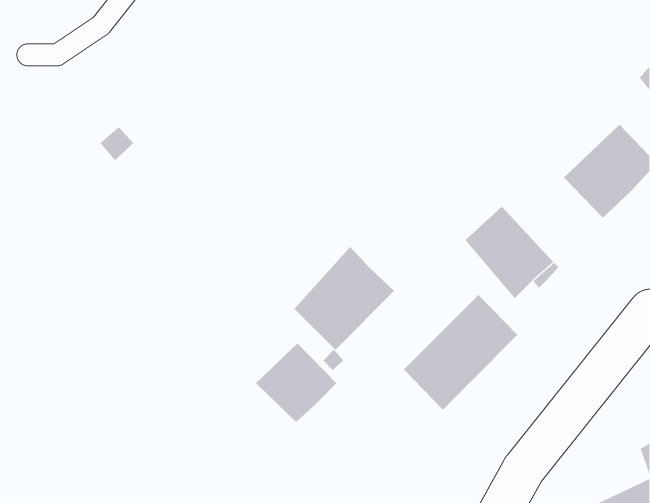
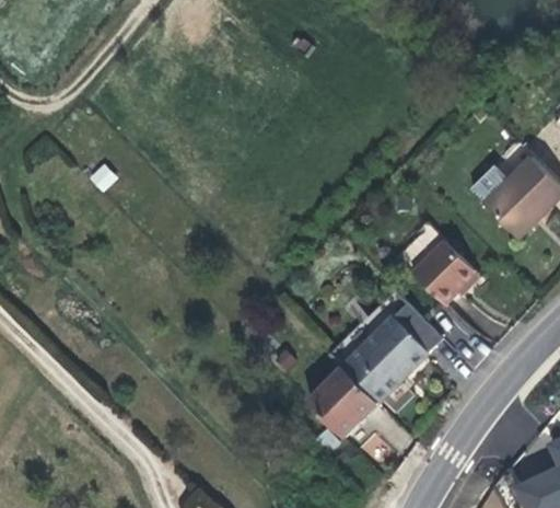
building: [294,246,395,350] -> none
building: [255,342,337,423] -> [310,368,380,437]

